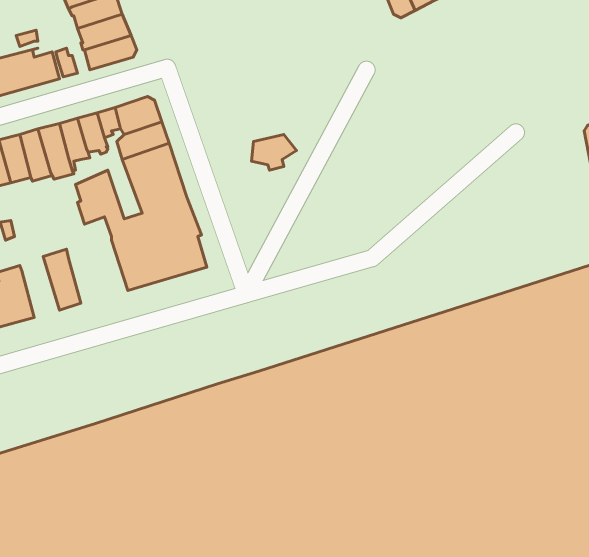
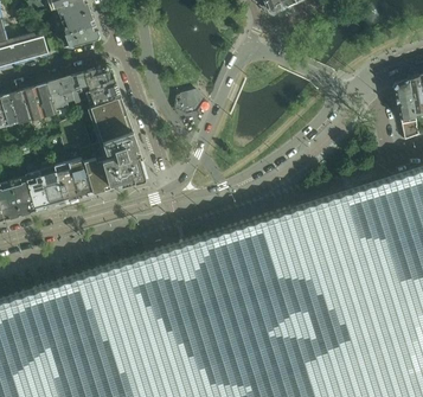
building: none -> [53,159,94,203]
building: none -> [24,172,49,212]

